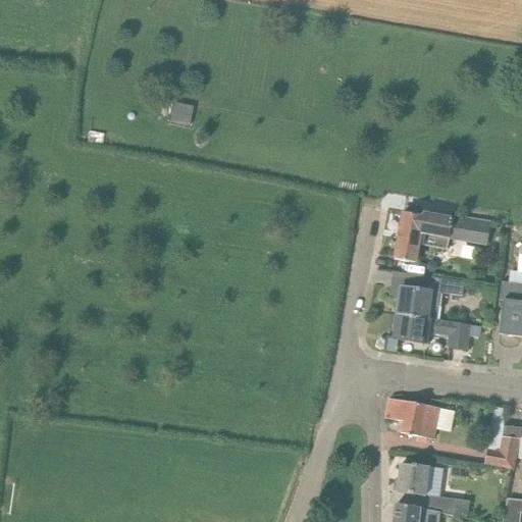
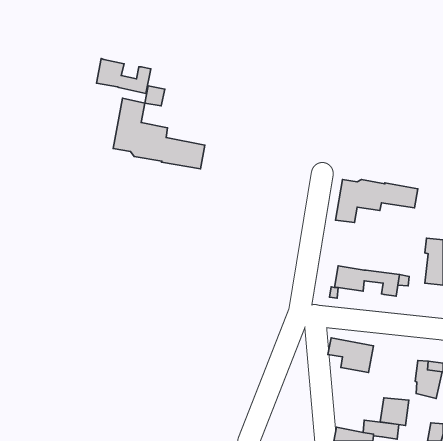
building: none -> [96,58,151,94]
building: none -> [113,98,205,169]
building: [398,274,466,318] -> none
building: [397,463,430,495] -> [380,398,409,425]

